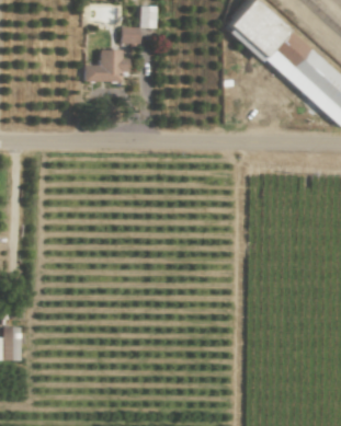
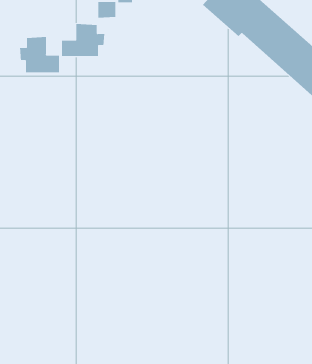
building: none -> [19,36,59,73]

